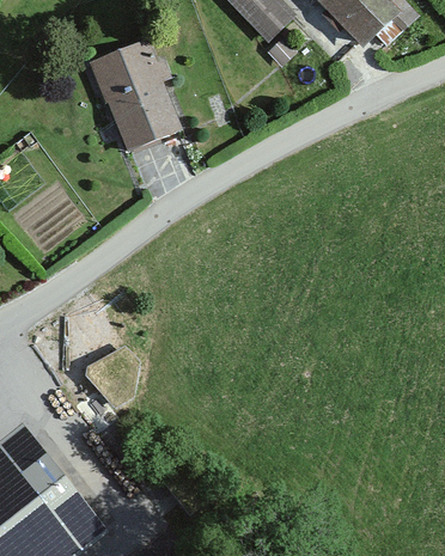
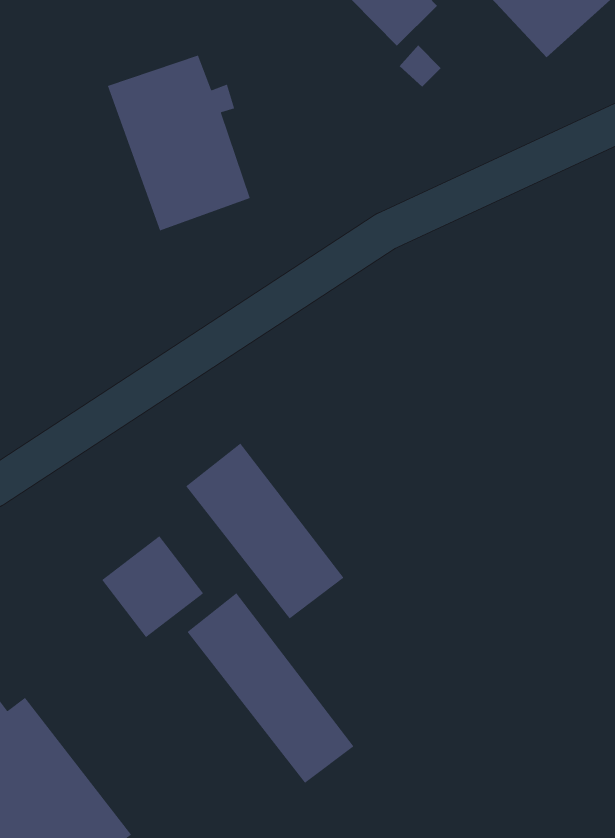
building: none -> [185,442,344,619]
building: none -> [187,592,355,784]

